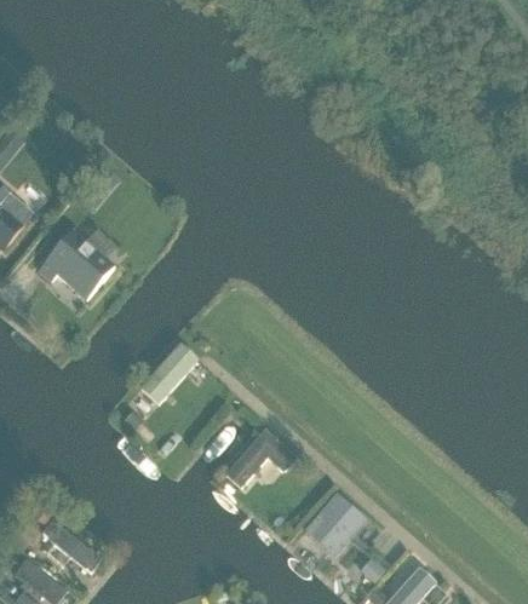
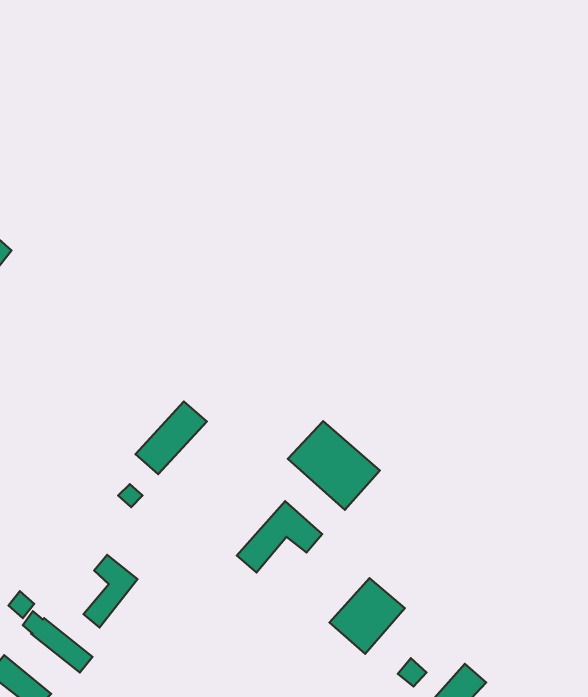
building: [38,231,113,300] -> none
building: none -> [288,421,380,510]
building: none -> [84,555,138,627]

